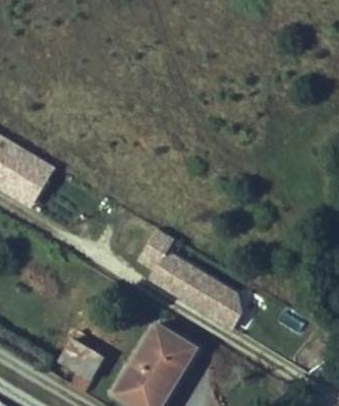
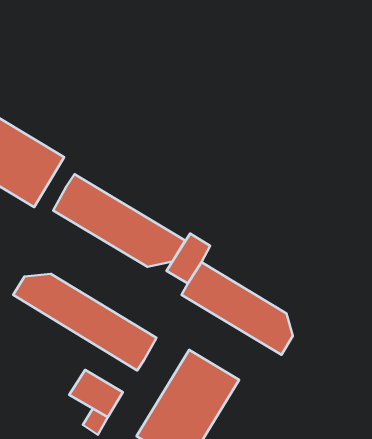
building: none -> [53,174,185,267]
building: none -> [13,274,156,371]

